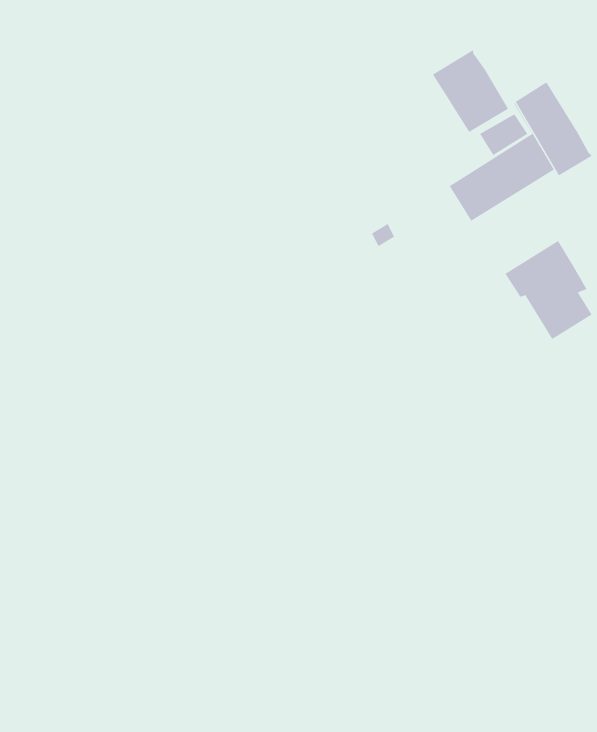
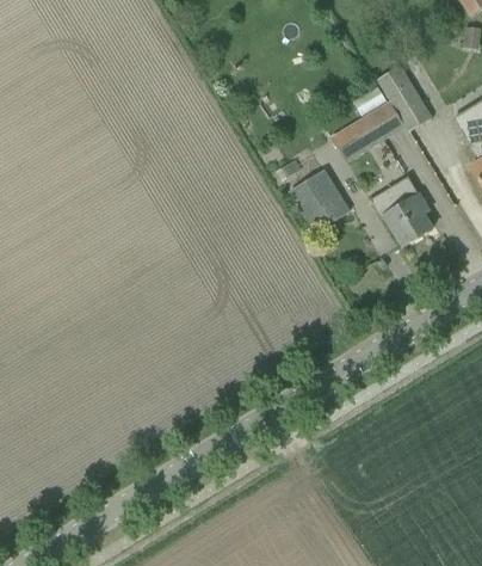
building: [432,49,509,133] -> none
building: none -> [288,167,351,233]

